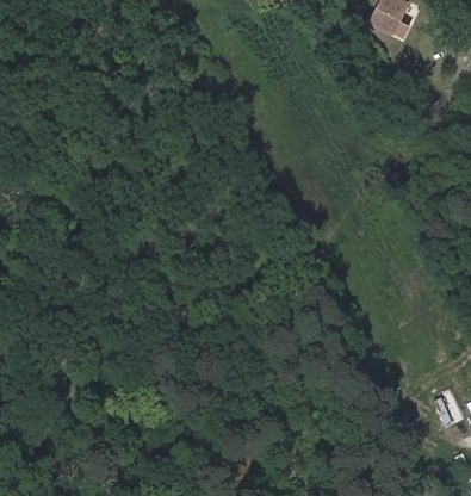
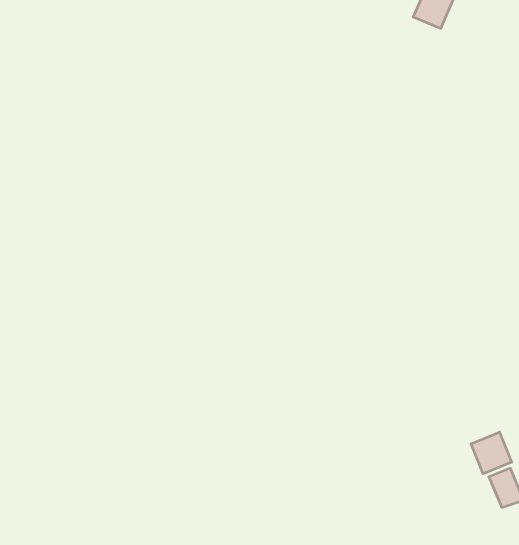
building: none -> [471,432,512,474]

